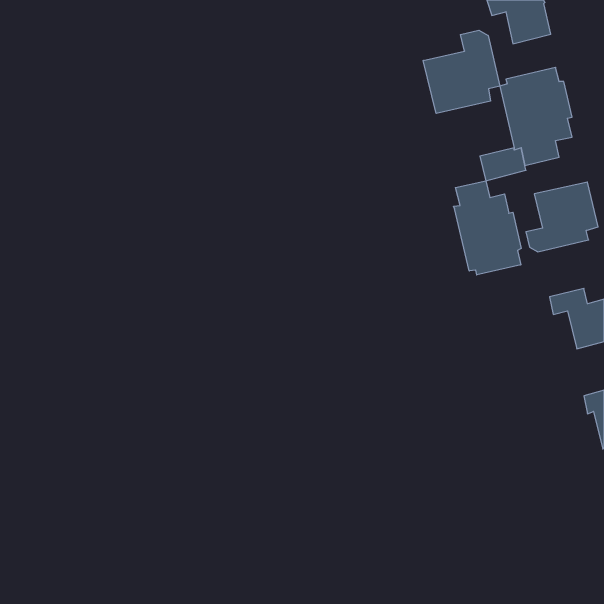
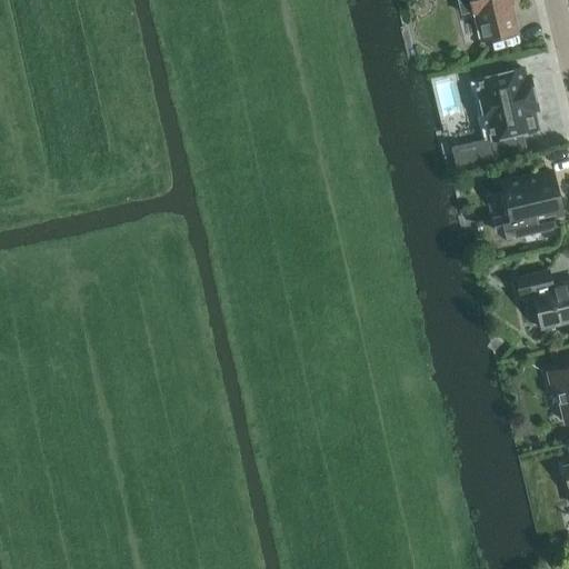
building: [423,30,500,113] -> none
building: [454,181,521,275] -> none

